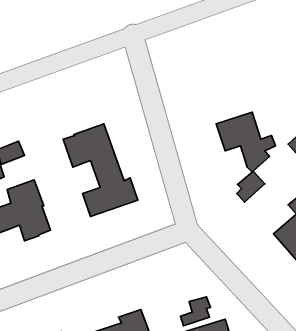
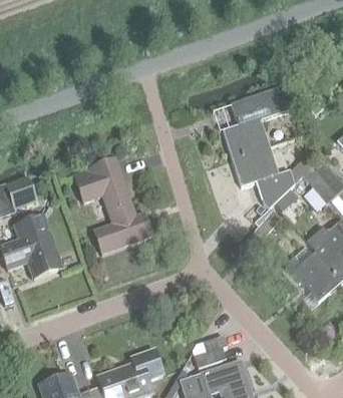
building: none -> [222,85,288,156]

